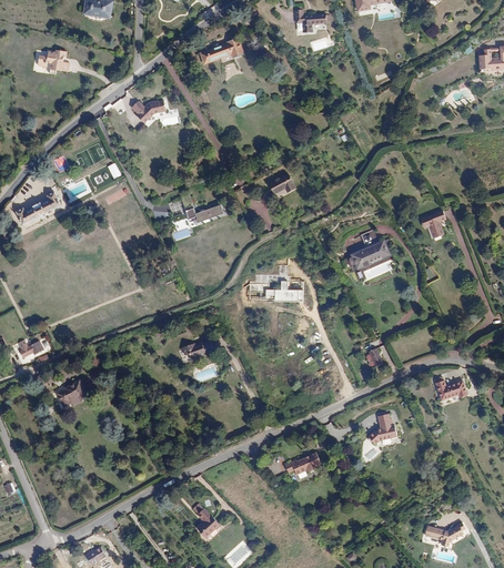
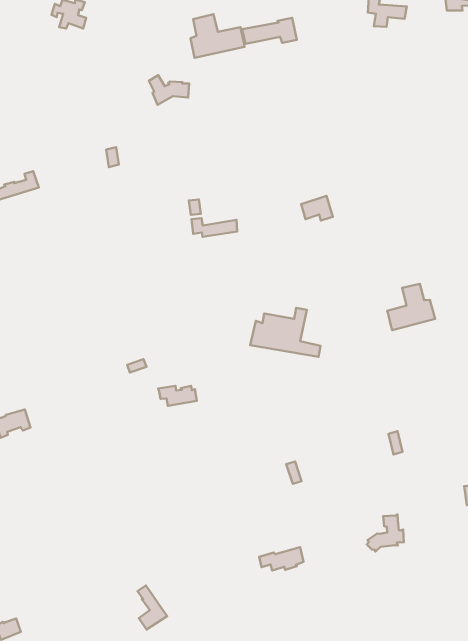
building: none -> [190,14,244,58]

